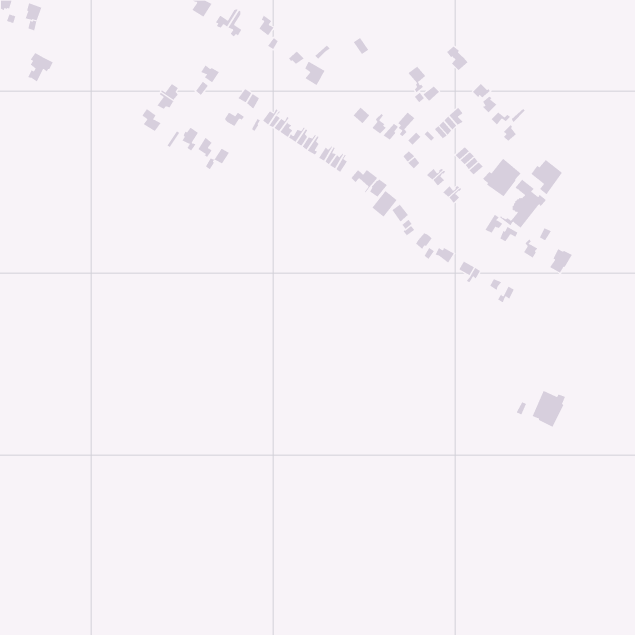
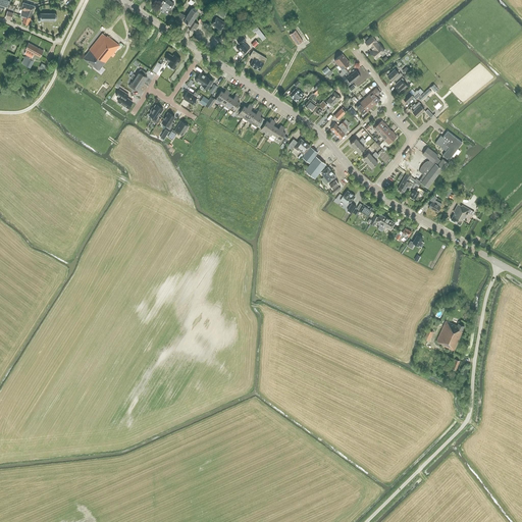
building: none -> [84,34,121,70]
building: [483,158,521,197] -> none

